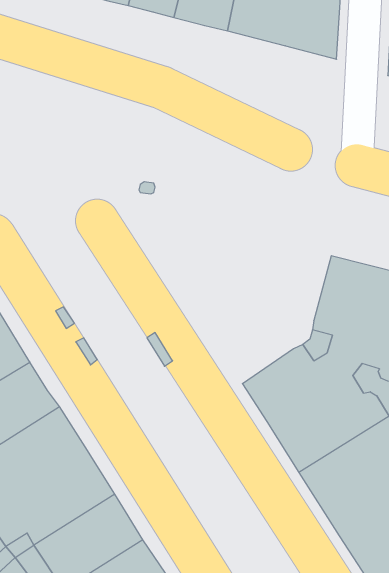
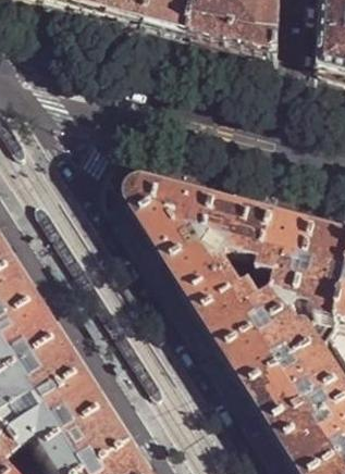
building: none -> [125,175,273,313]

